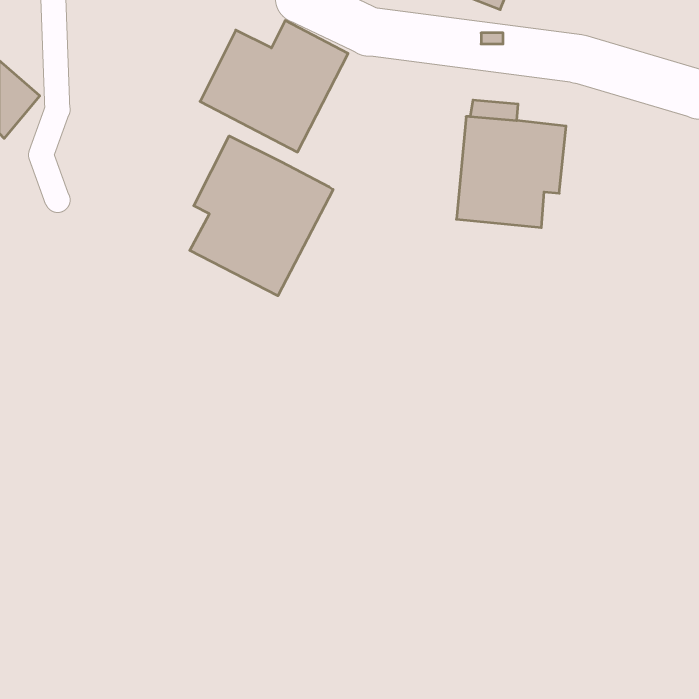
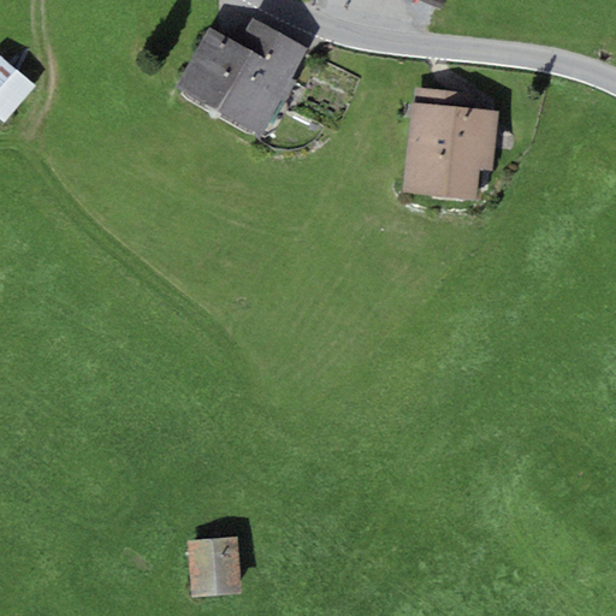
building: [190,136,333,296] -> none
building: none -> [195,546,249,605]

